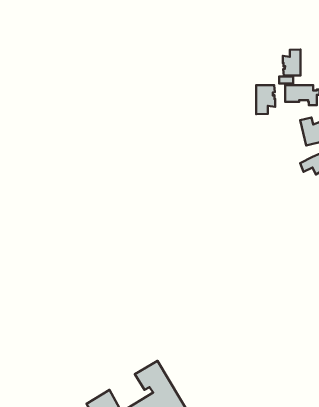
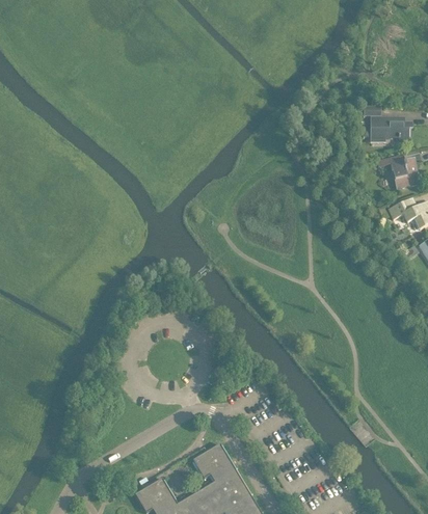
building: [283,50,301,76] -> none
building: [256,85,275,114] -> none

